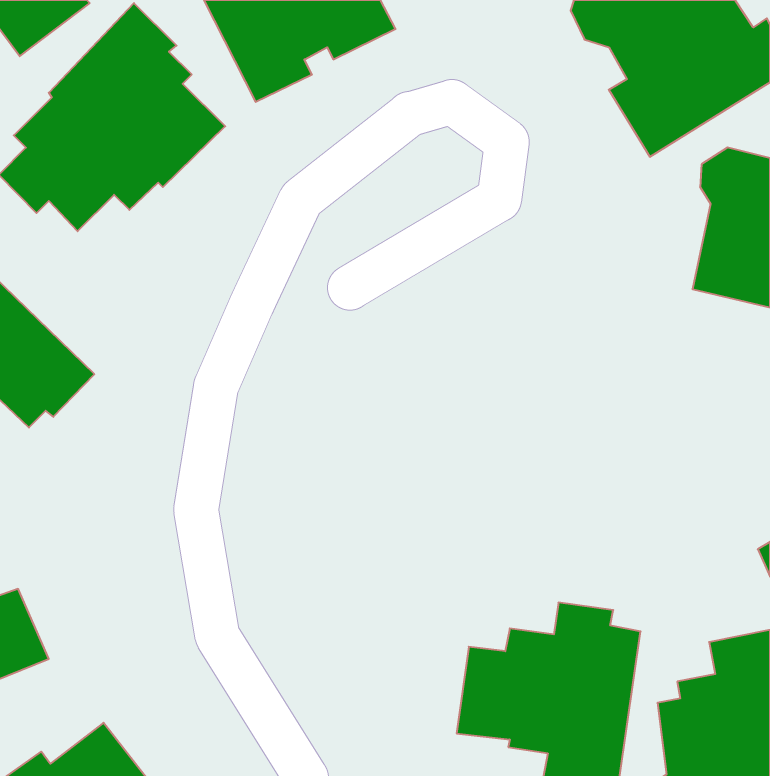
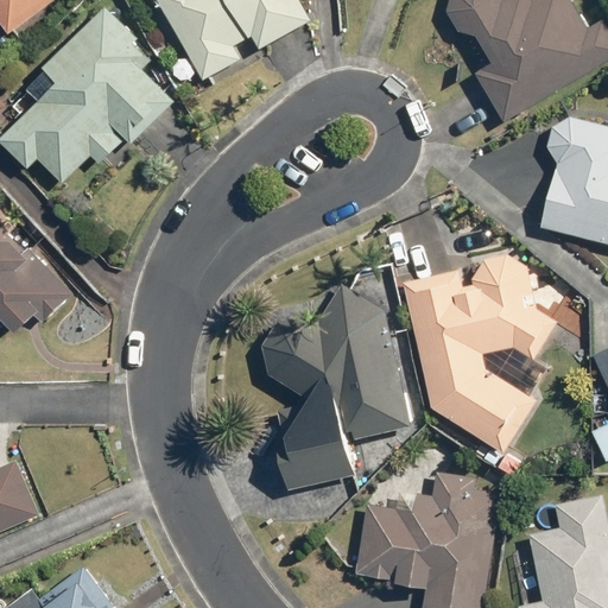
building: none -> [404,253,555,455]
building: none -> [261,283,410,489]

